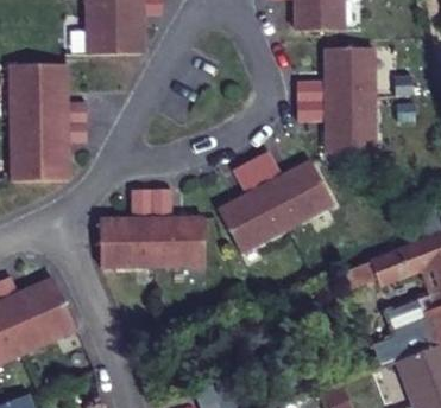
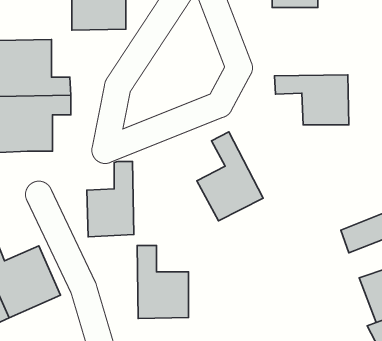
building: [297,49,373,102] -> none
building: [250,152,332,229] -> none
building: [150,191,203,267] -> [137,246,189,319]

